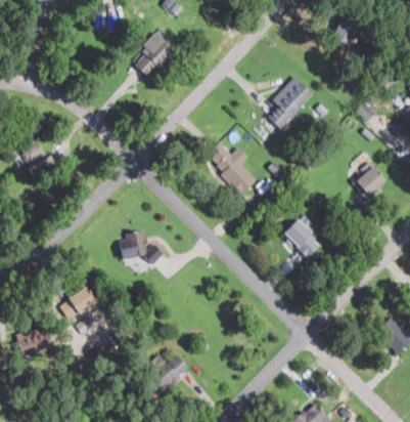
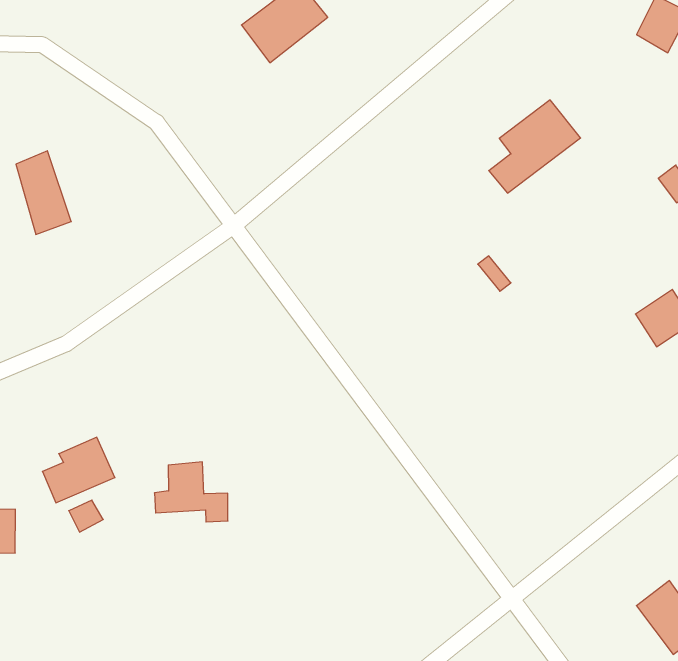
building: [206,142,257,194] -> none
building: [282,219,322,258] -> none
building: [121,230,161,261] -> [154,462,228,522]
building: [158,355,187,384] -> none

